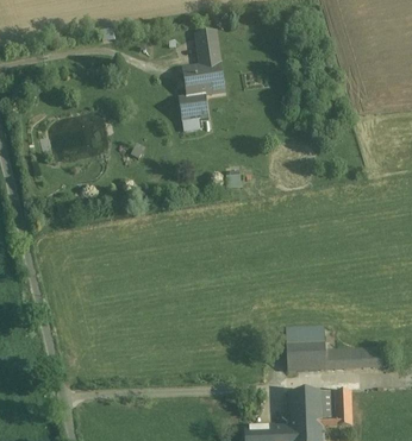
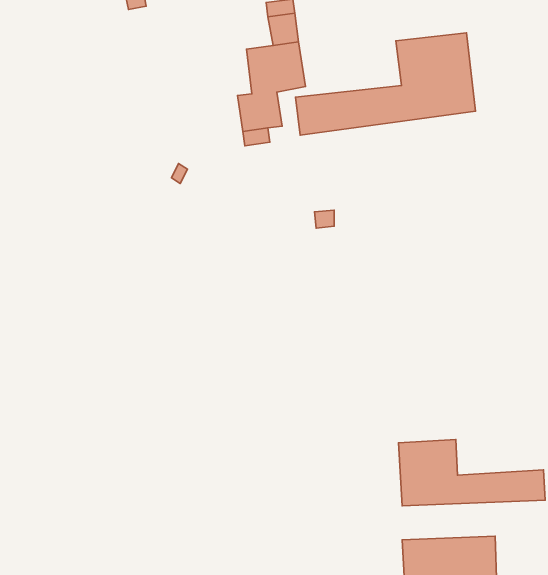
building: none -> [296,33,476,135]

